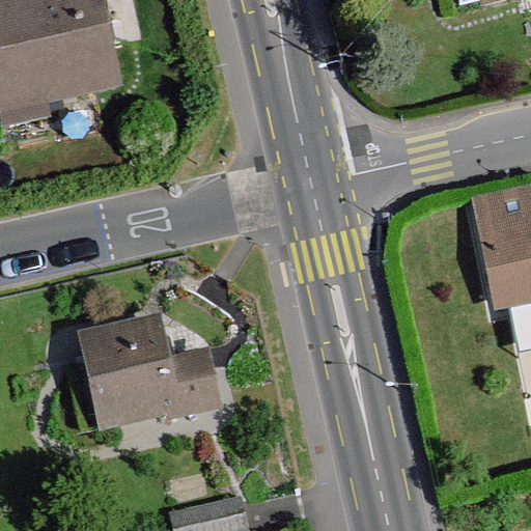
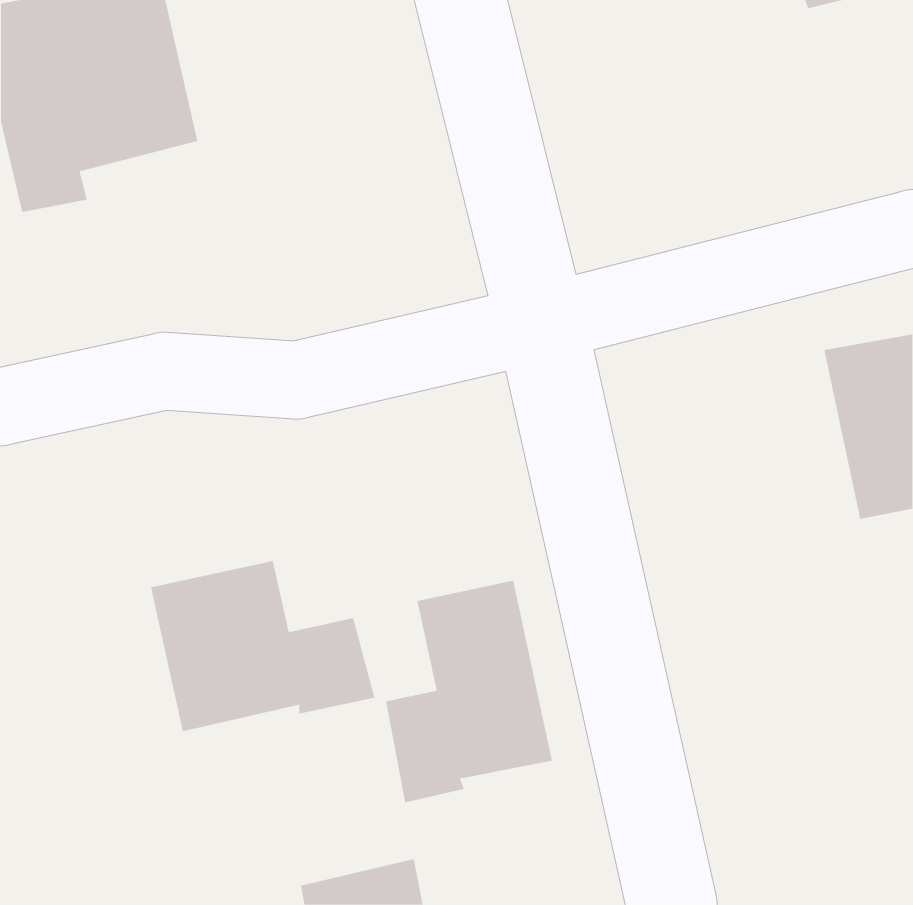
building: none -> [386,580,552,803]

